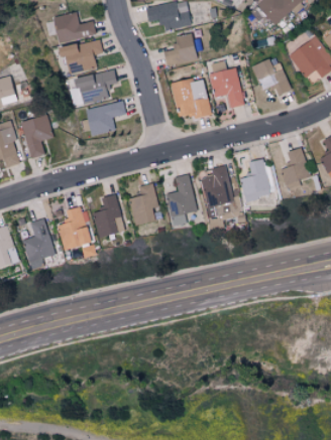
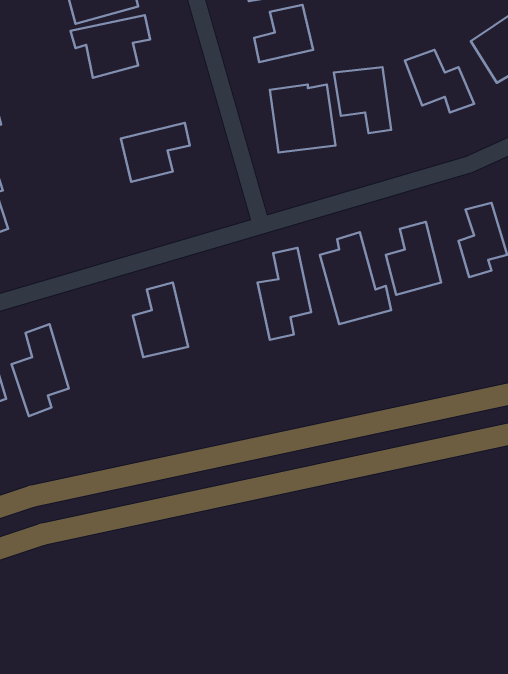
building: [74,67,117,106] -> none
building: [21,115,53,158] -> none
building: [128,182,158,226] -> none
building: [59,206,90,249] -> none

